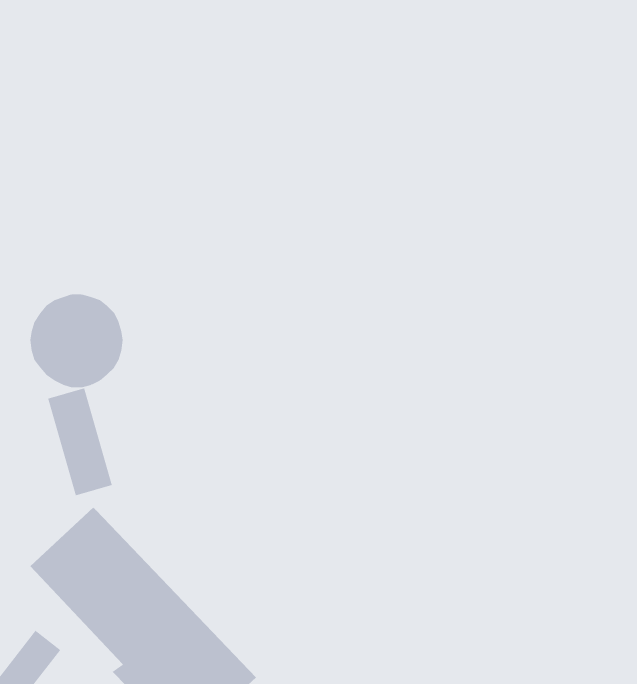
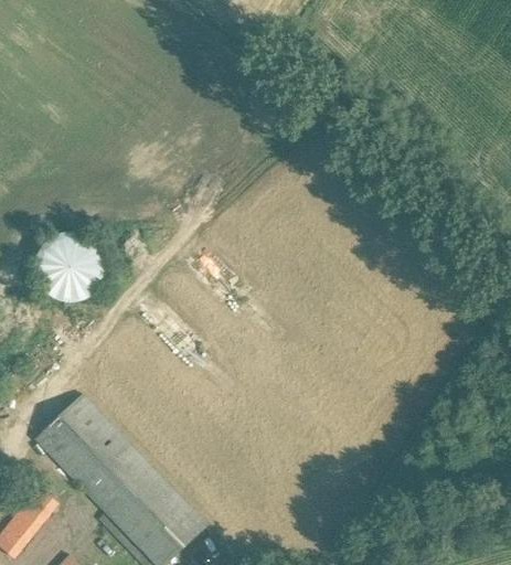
building: [47,387,113,496] -> none

